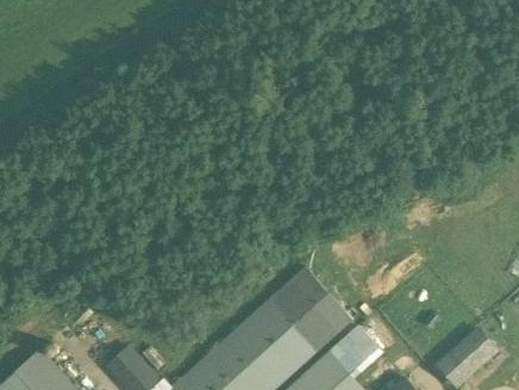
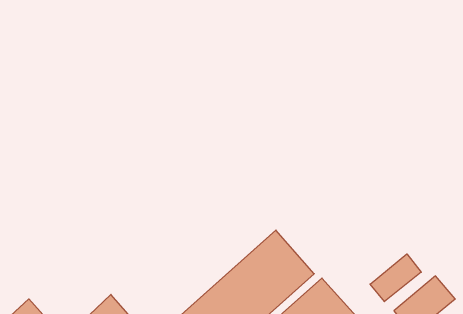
building: none -> [370,254,421,302]

